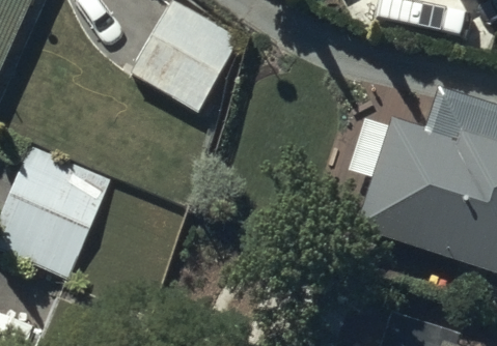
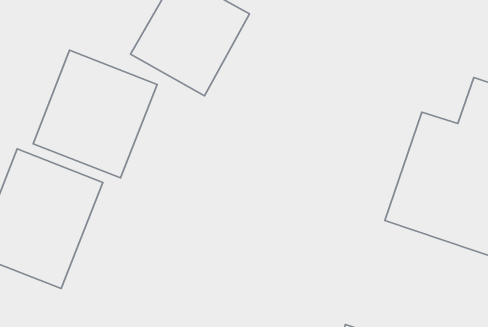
building: none -> [33,50,157,178]

